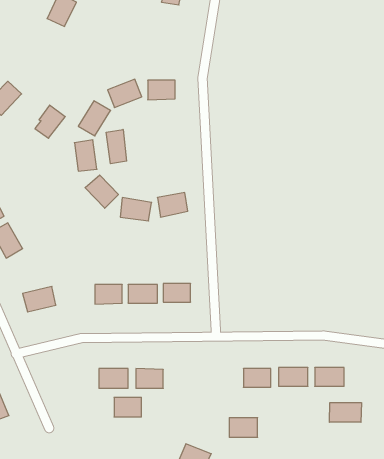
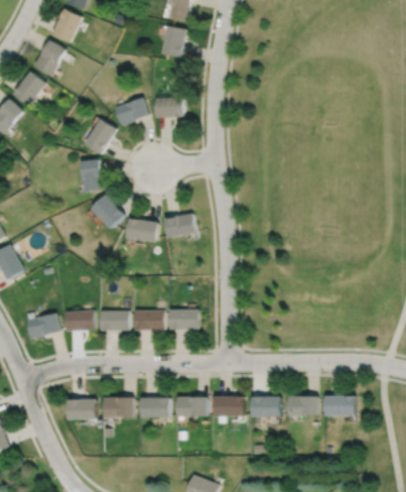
building: none -> [160,26,184,58]
building: none -> [32,40,64,77]
building: [35,105,65,138] -> [13,72,44,106]
building: [106,129,127,164] -> none
building: none -> [64,310,94,330]
building: none -> [178,396,209,415]
building: [114,397,141,417] -> [67,398,96,418]
building: [329,403,361,422] -> none
building: [229,418,258,437] -> [216,395,245,415]

